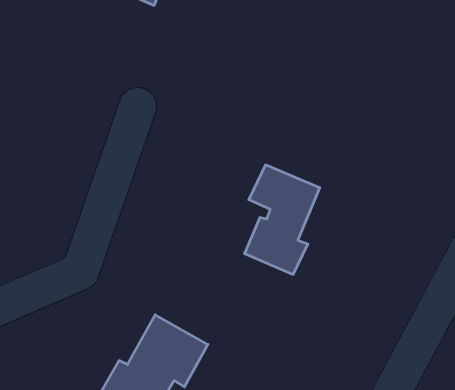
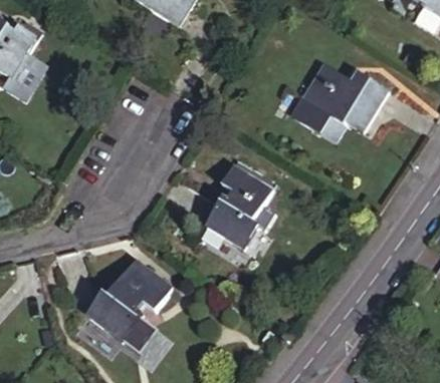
building: none -> [305,71,383,133]

